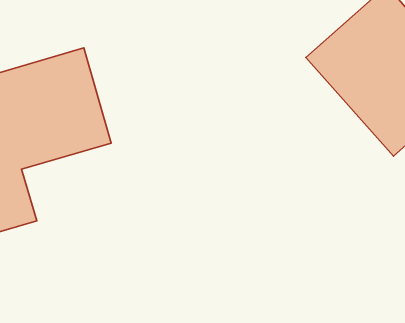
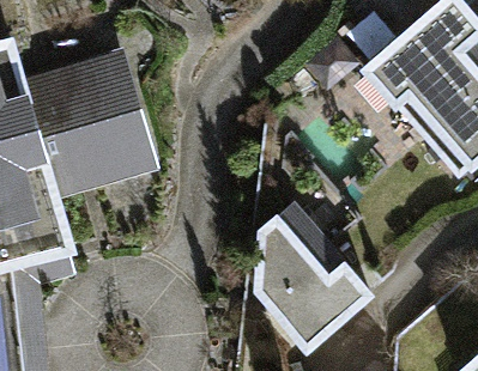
building: none -> [259,202,371,348]

